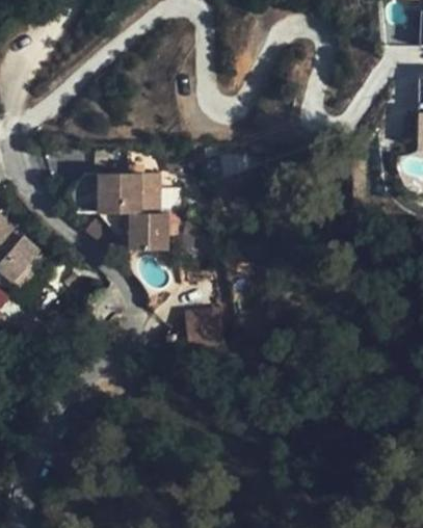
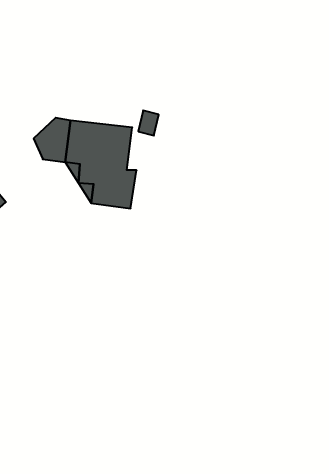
building: [184,306,223,345] -> none

